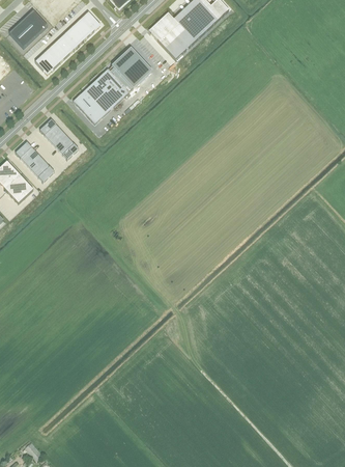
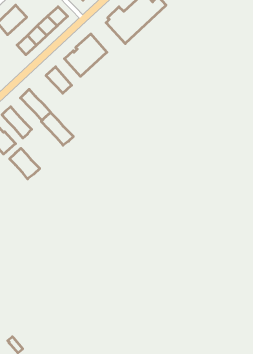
building: [85,78,117,112] -> none
building: none -> [41,113,73,145]
building: none -> [10,148,40,179]

